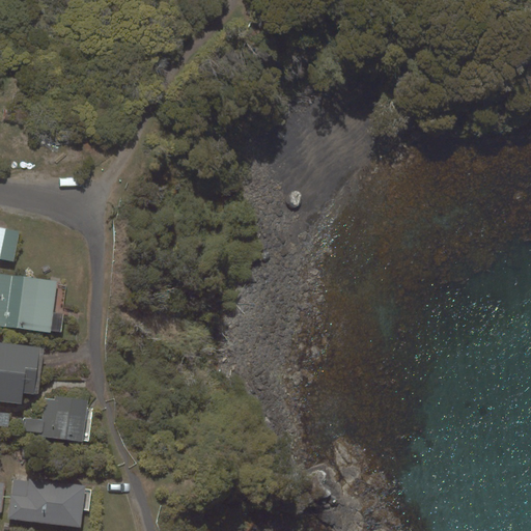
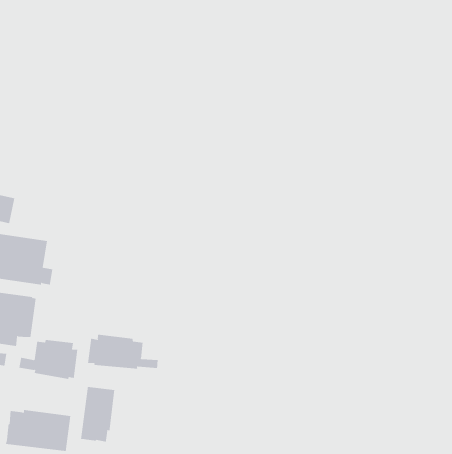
building: none -> [87,334,158,369]
building: none -> [81,386,115,443]

